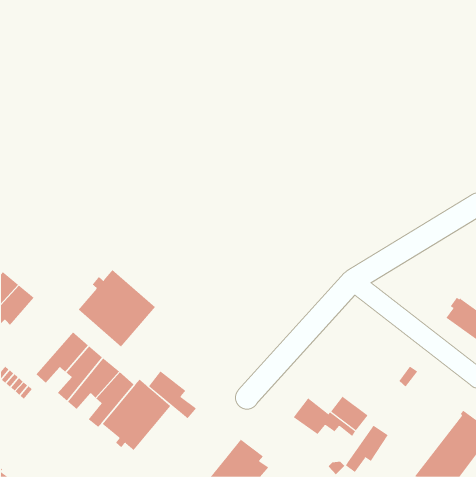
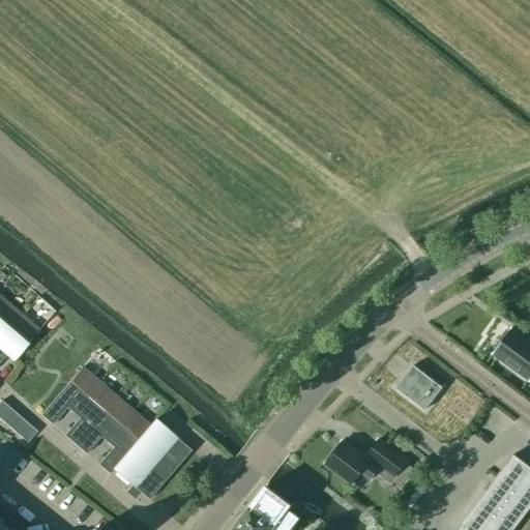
building: [78,269,156,347] -> none
building: none -> [398,365,443,410]
building: [148,371,197,419] -> none
building: [345,425,388,473] -> none

